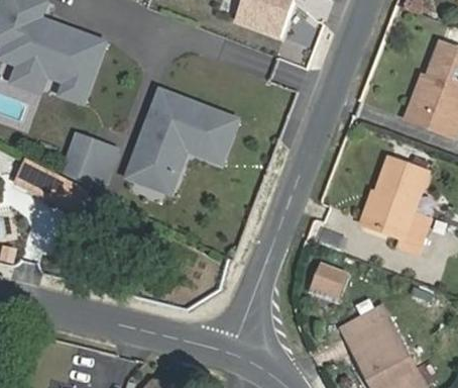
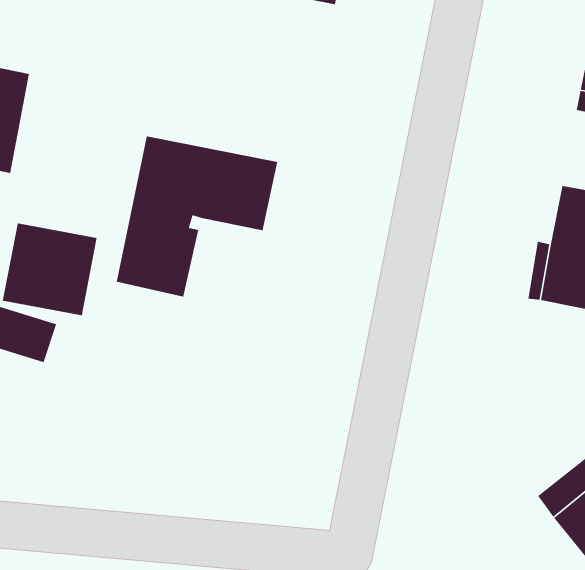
building: [308,260,348,302] -> none

